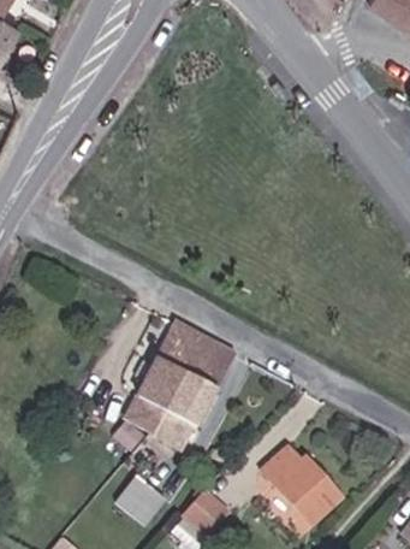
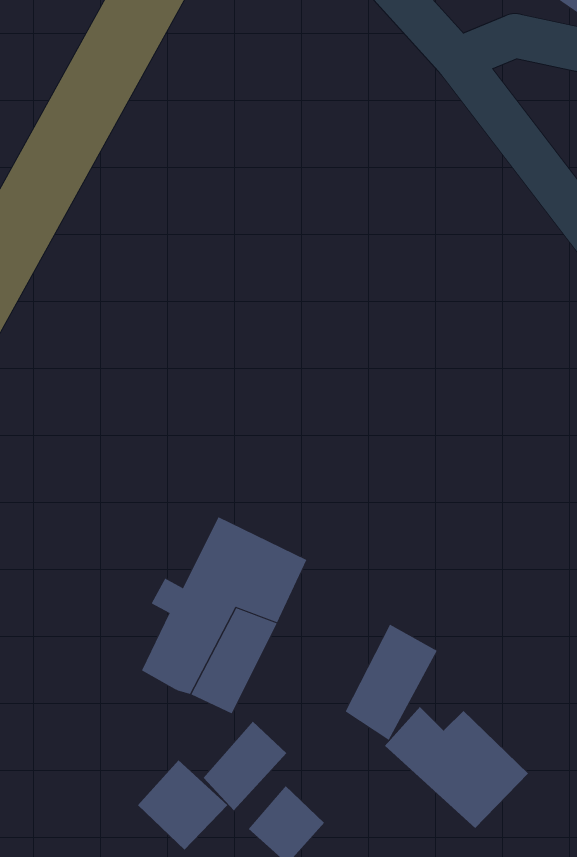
building: none -> [345,624,437,741]
building: none -> [203,721,287,811]

